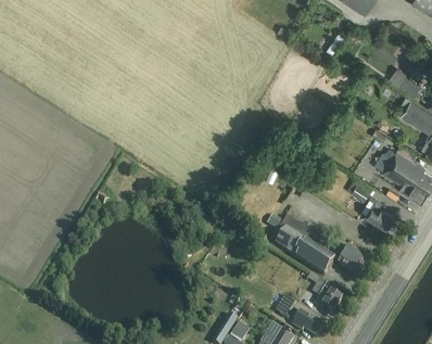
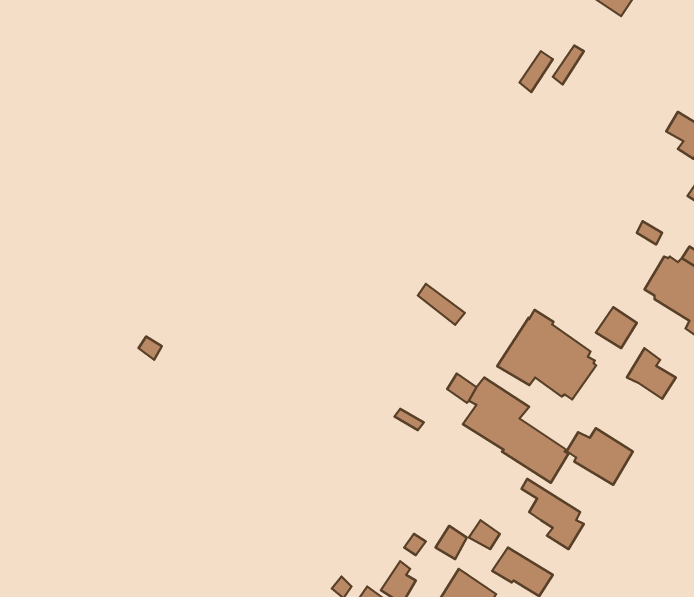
building: none -> [497,310,596,400]

